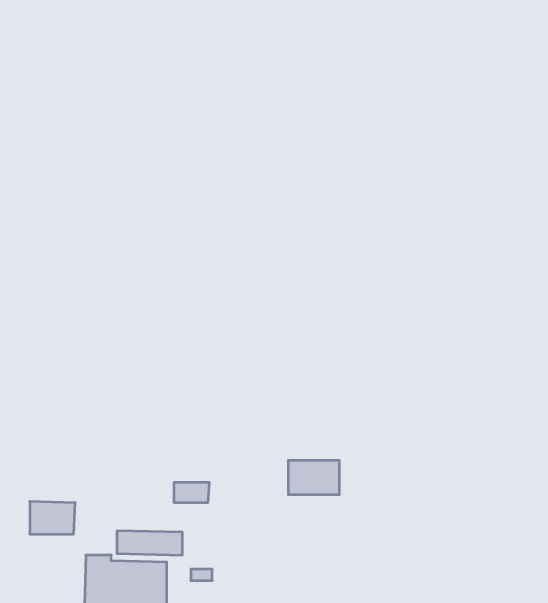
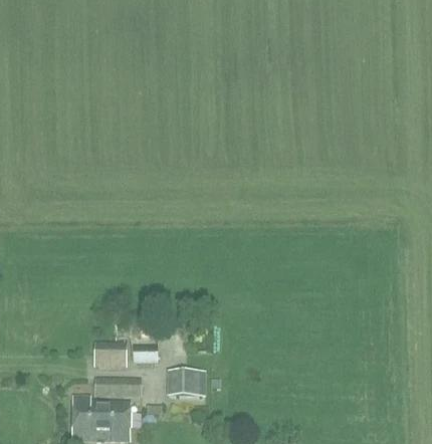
building: [288,460,339,495] -> [168,371,204,395]
building: [30,501,75,534] -> [94,343,127,366]

